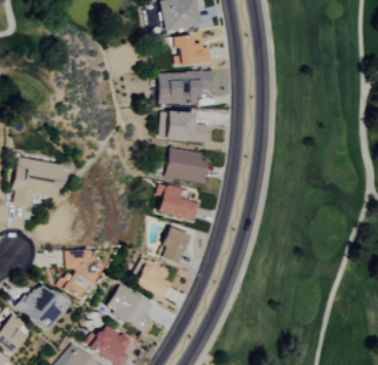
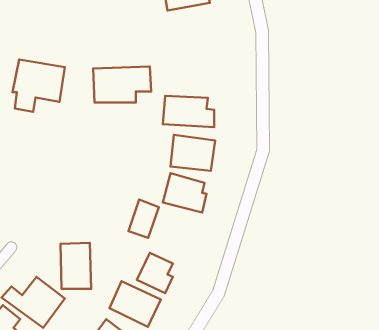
building: [173,35,212,65] -> none
building: [158,70,213,104] -> [93,66,151,102]
building: [12,157,62,207] -> [13,59,65,112]
building: [160,227,189,263] -> [128,200,159,238]

